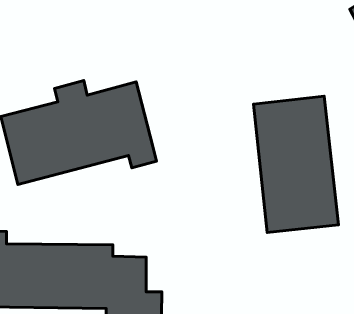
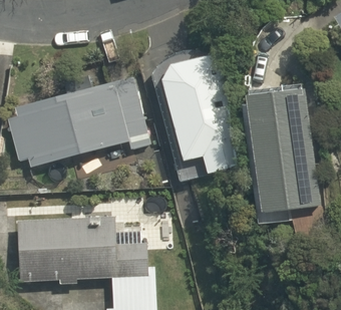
building: none -> [155,50,238,183]

